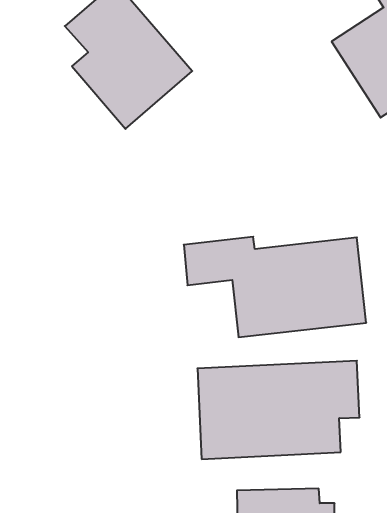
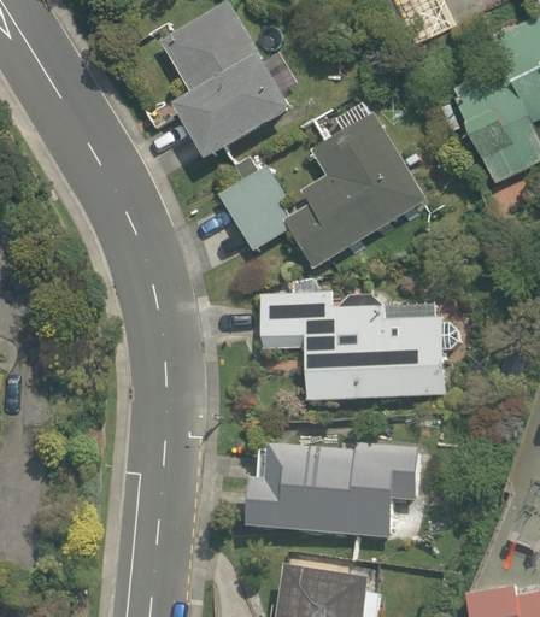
building: none -> [218,111,427,274]

